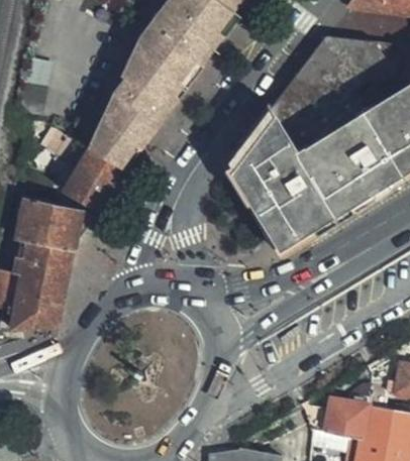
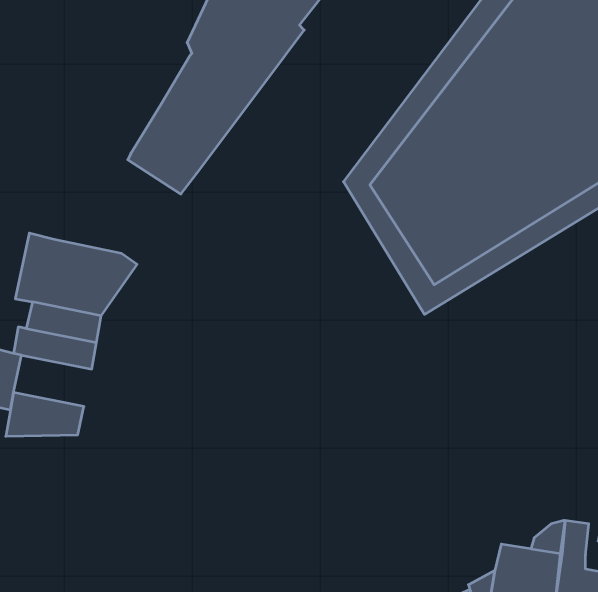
building: [63,149,122,213] -> none
building: [14,275,65,309] -> none

